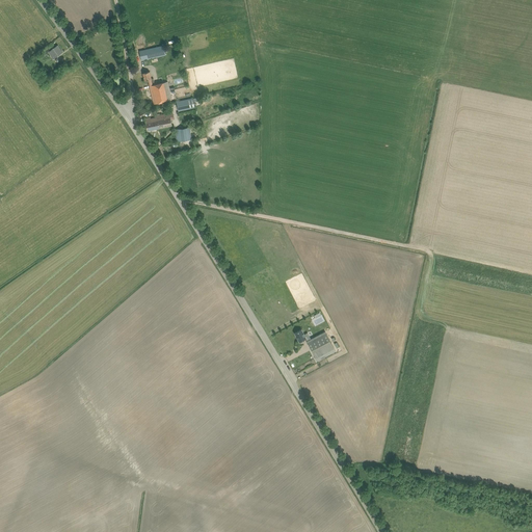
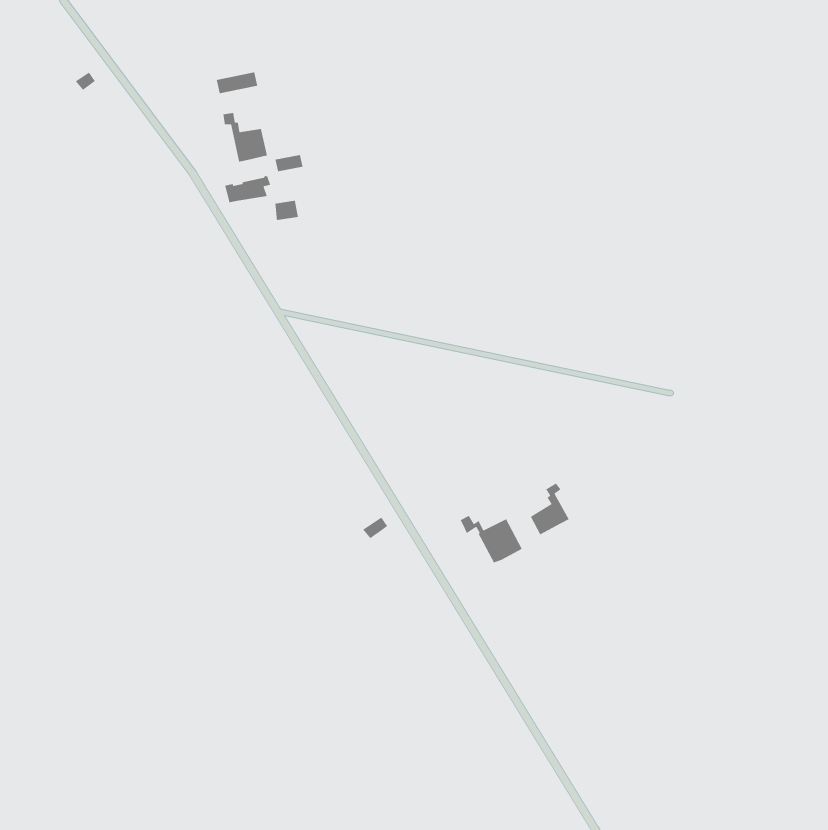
building: none -> [530,482,570,535]

